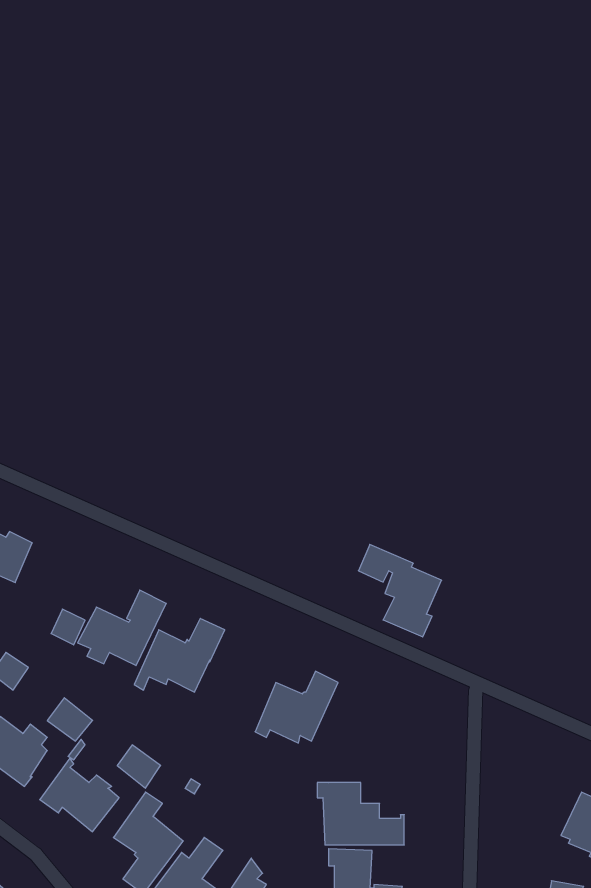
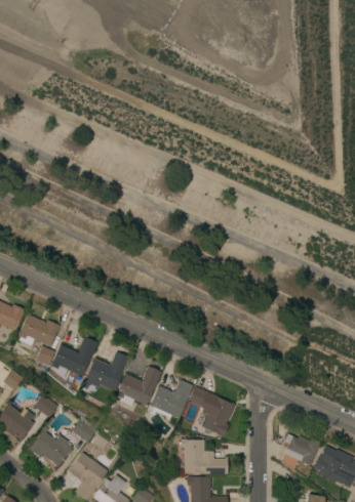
building: [358,544,442,637] -> [189,386,234,436]
building: none -> [17,315,61,346]
building: none -> [115,366,161,407]
building: none -> [280,434,320,476]

